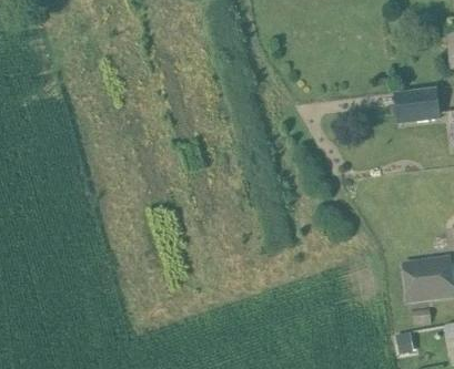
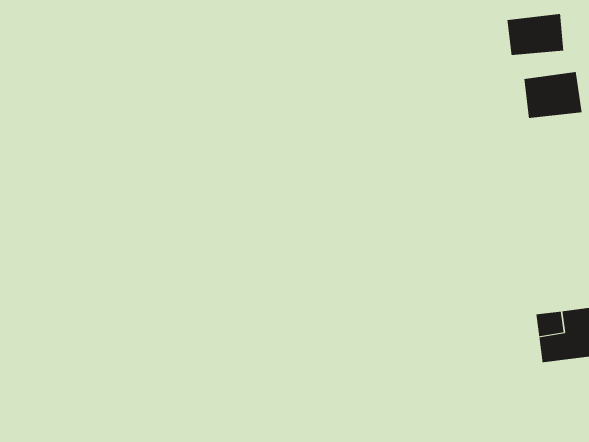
building: none -> [507,13,564,56]

